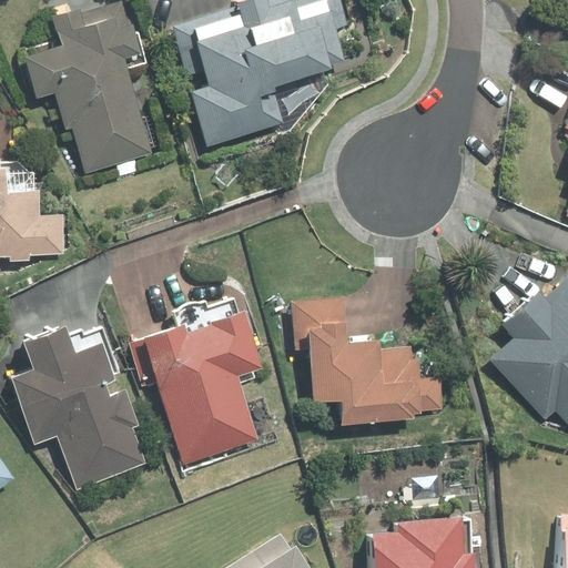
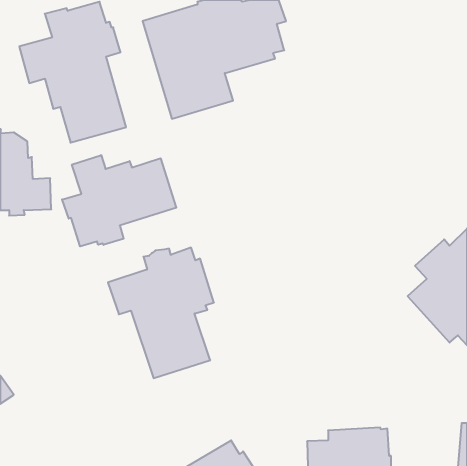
building: none -> [62,155,176,246]
building: [291,297,443,425] -> none
building: [16,326,146,488] -> none

